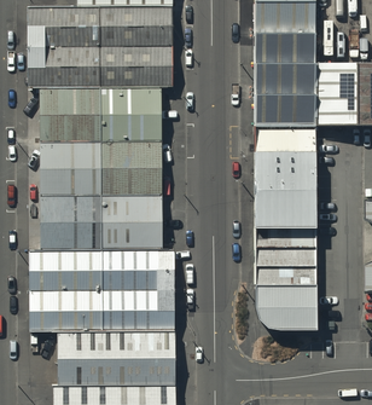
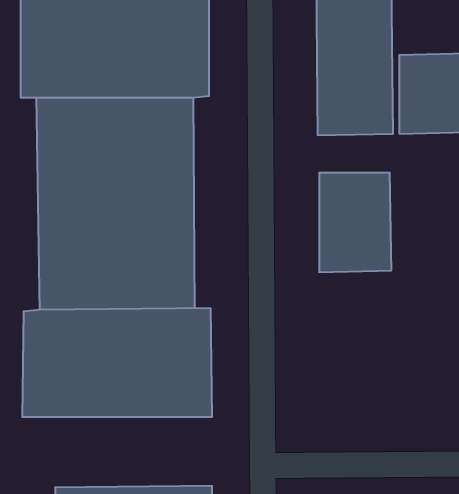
building: [256,120,313,144] -> none
building: [257,225,315,324] -> none
building: [54,334,175,388] -> none

